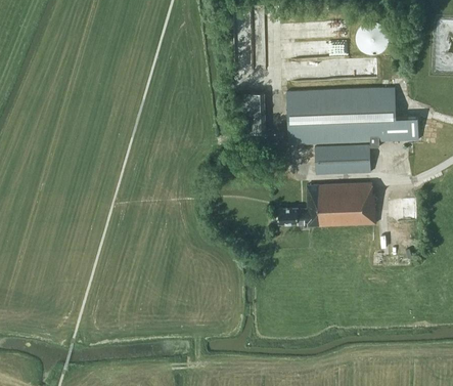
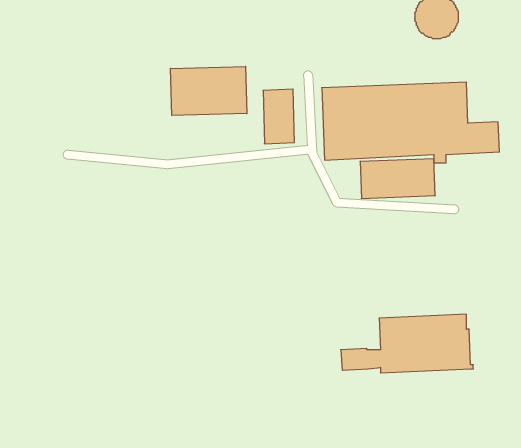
building: none -> [171,66,247,115]
building: [278,182,377,226] -> [341,314,473,373]

